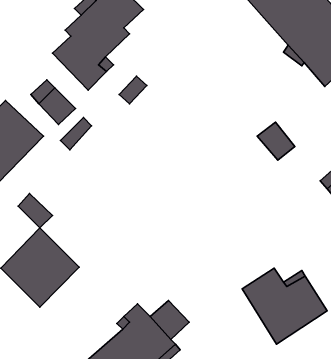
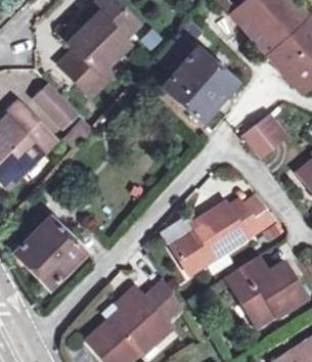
building: none -> [162,25,237,126]
building: none -> [176,195,262,270]

